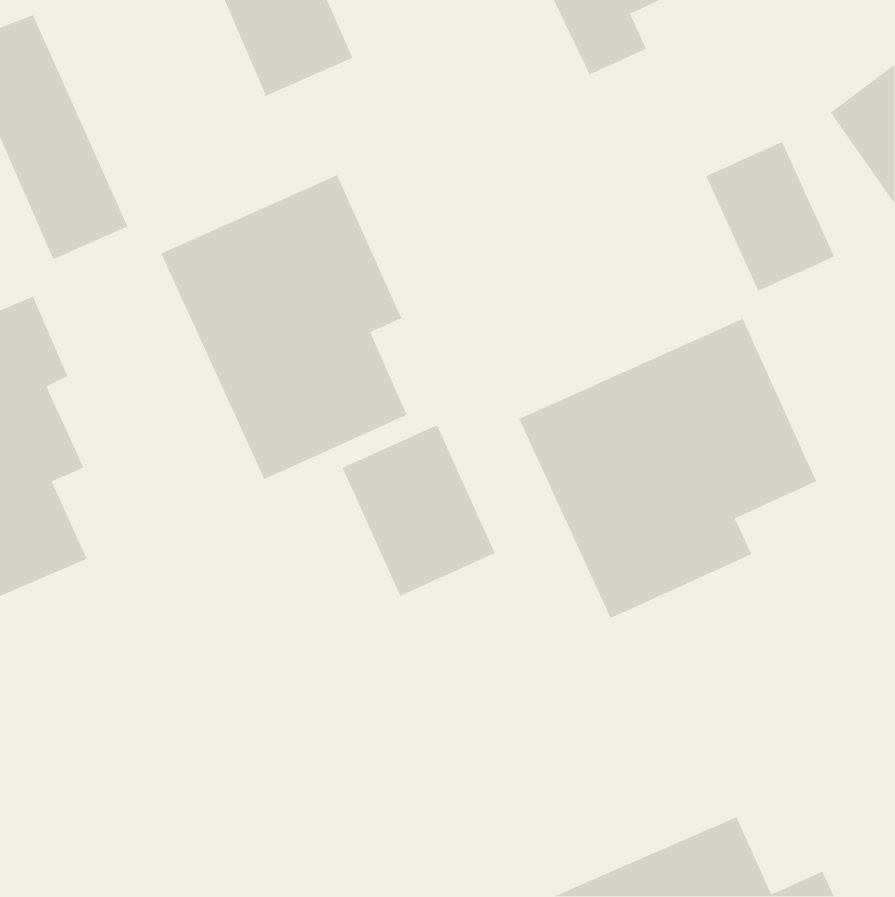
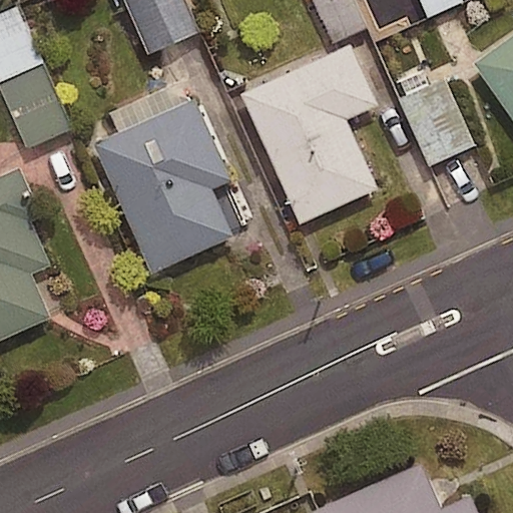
building: none -> [239,44,378,224]
building: [518,318,817,619] -> none
building: [342,424,496,597] -> none

